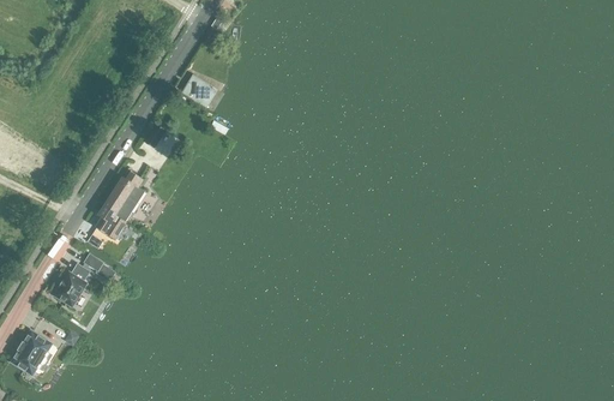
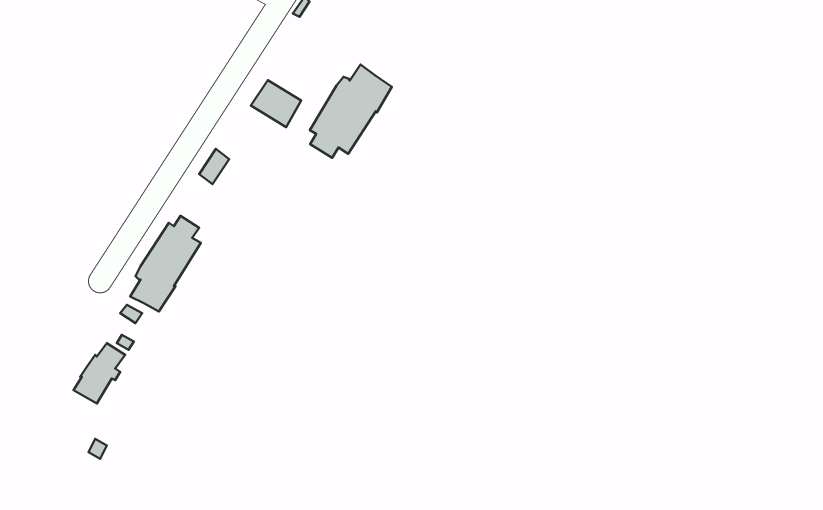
building: none -> [310,64,392,158]
building: [12,331,52,375] -> none

